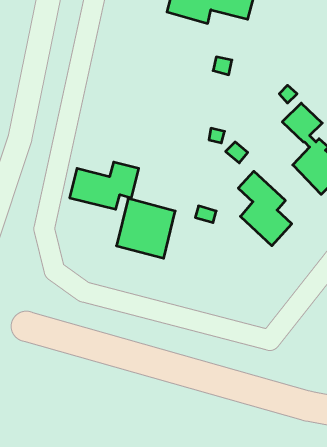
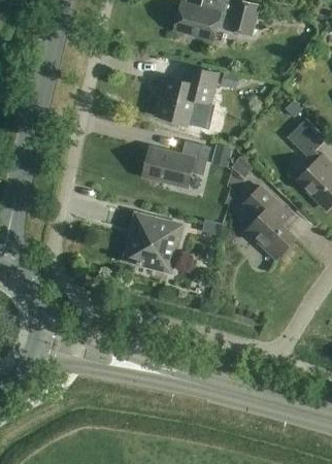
building: none -> [157,66,218,124]
building: [70,162,139,209] -> [141,140,209,187]

